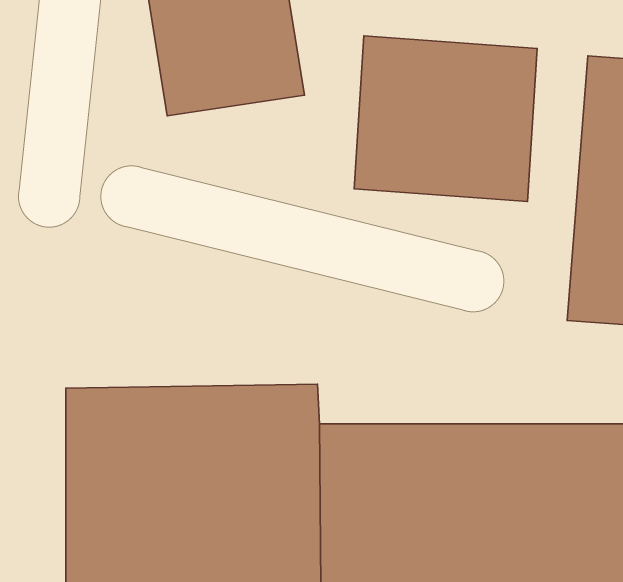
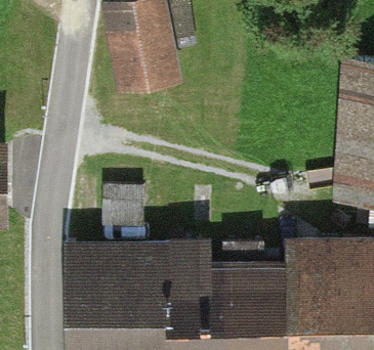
building: [354,36,537,201] -> none

